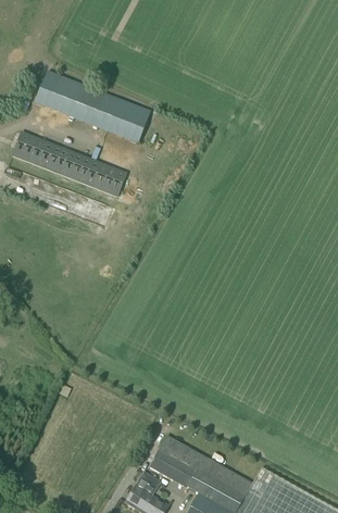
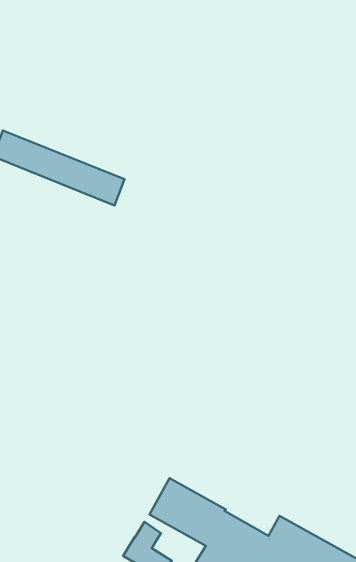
building: [35,72,152,140] -> none

